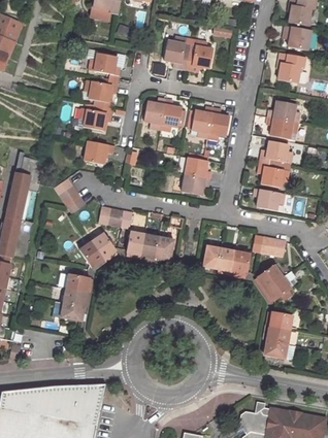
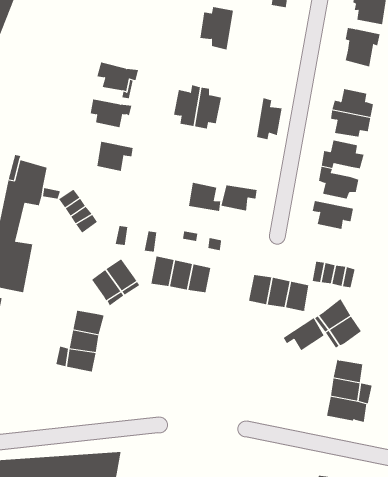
building: [186,39,214,72] -> none
building: [89,54,120,75] -> none
building: [191,105,214,138] -> none
building: [185,157,210,179] -> [188,182,221,211]
building: none -> [283,317,325,351]

